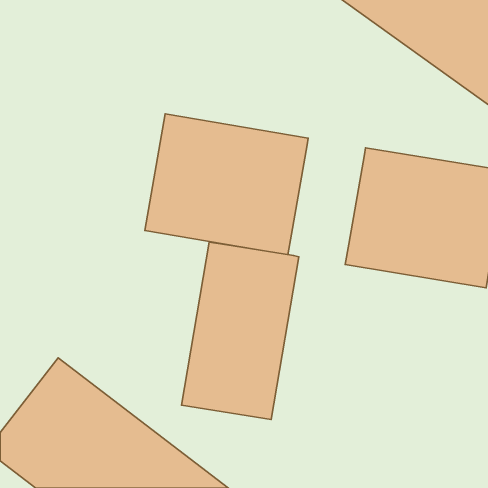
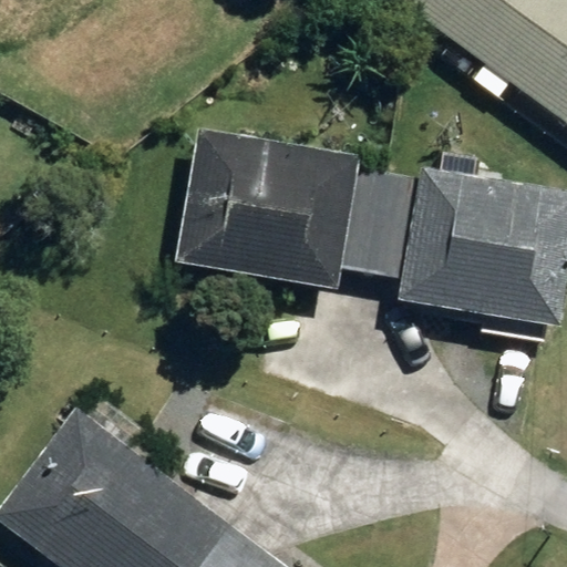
building: none -> [342,165,425,278]
building: [181,242,299,420] -> none

